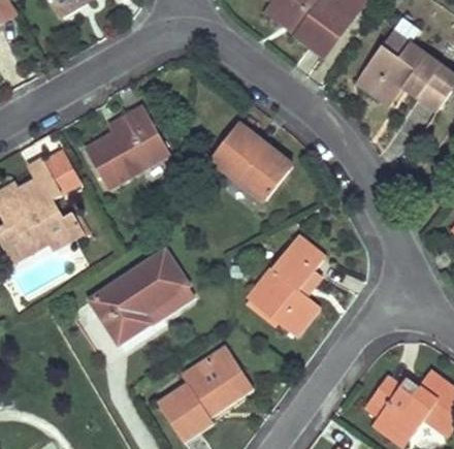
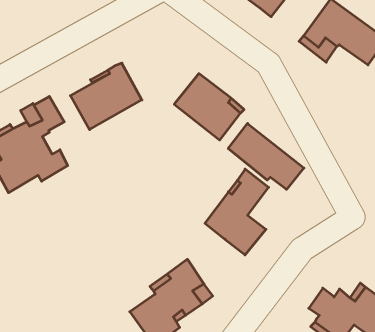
building: none -> [228,123,304,189]
building: [92,251,187,342] -> none

